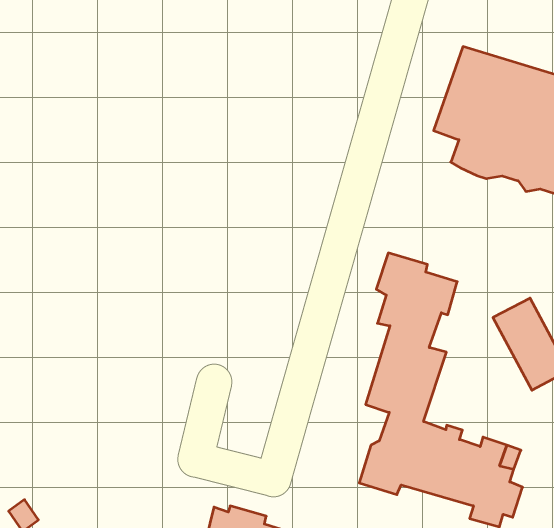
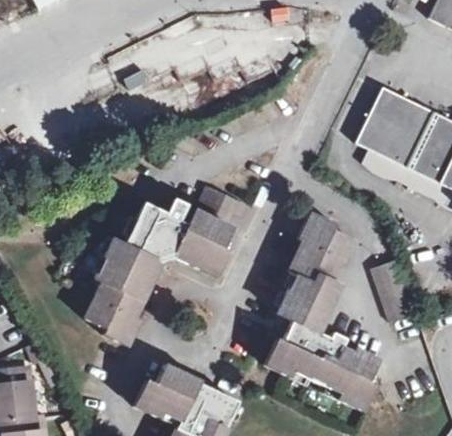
building: none -> [86,187,243,344]

